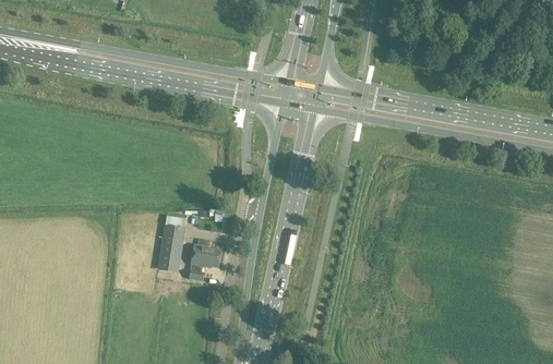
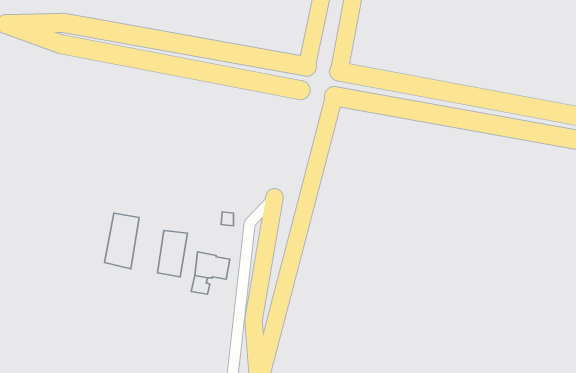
building: none -> [105,213,139,269]

